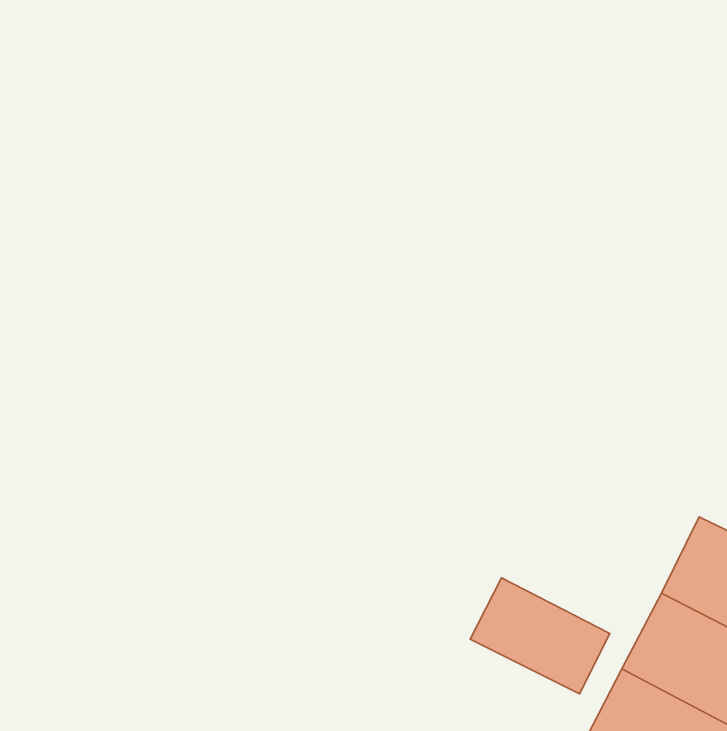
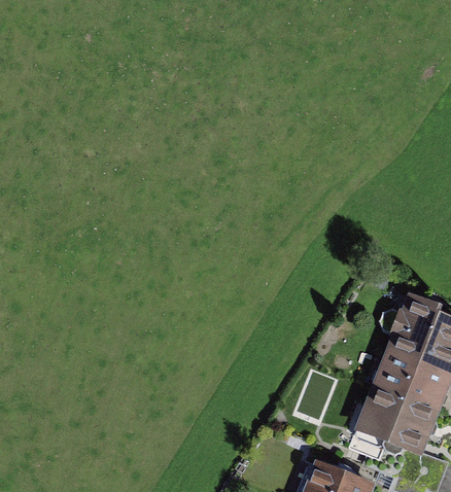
building: [470,578,610,694] -> none

